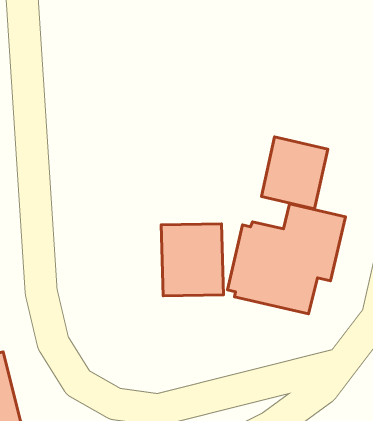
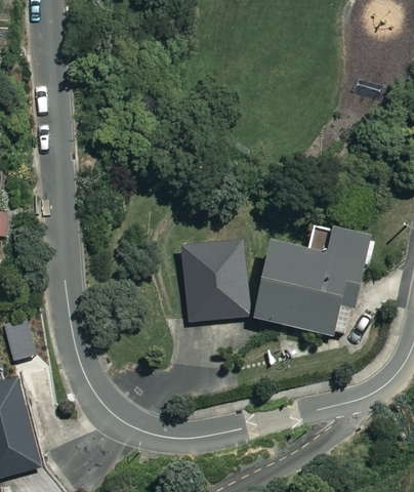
building: [261,137,328,209] -> none

